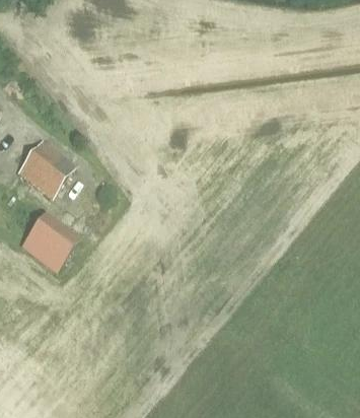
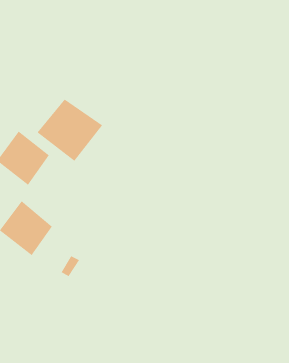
building: none -> [37,99,103,162]

